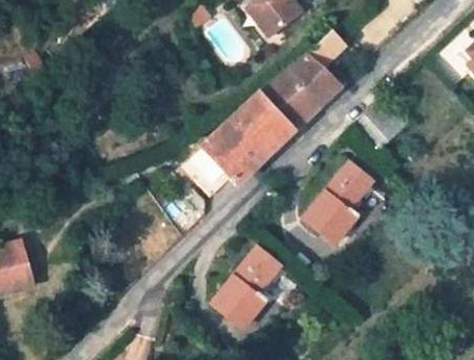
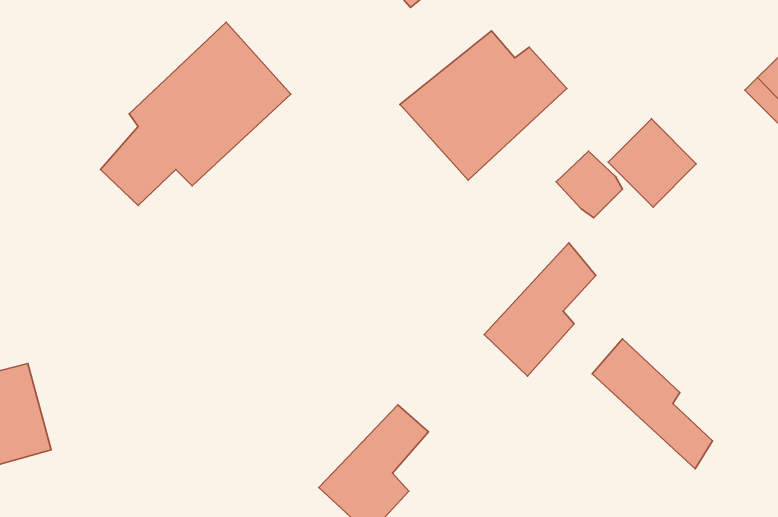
building: [182,88,292,195] -> [100,22,291,206]
building: none -> [592,339,713,469]

